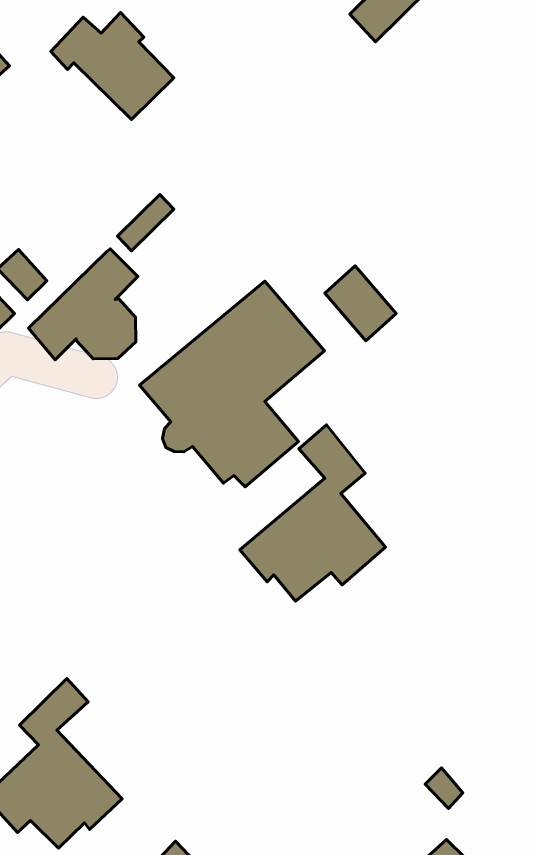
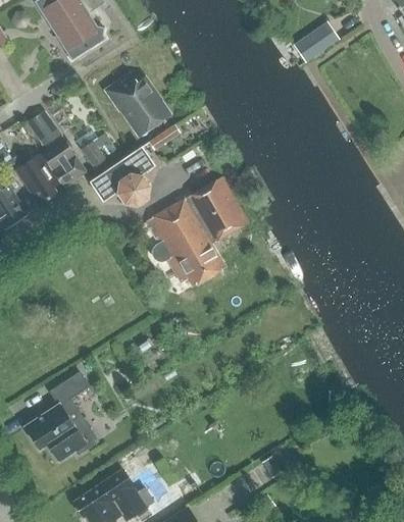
building: [51,13,174,120] -> [105,75,168,135]
building: [325,266,396,341] -> none
building: [240,425,385,601] -> none

